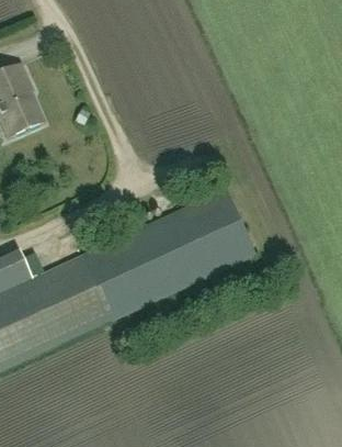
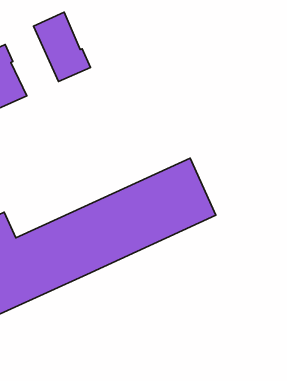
building: none -> [34,12,90,82]

